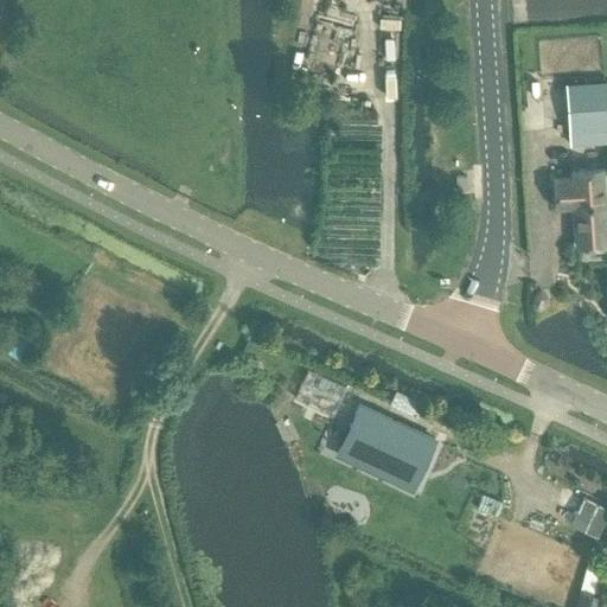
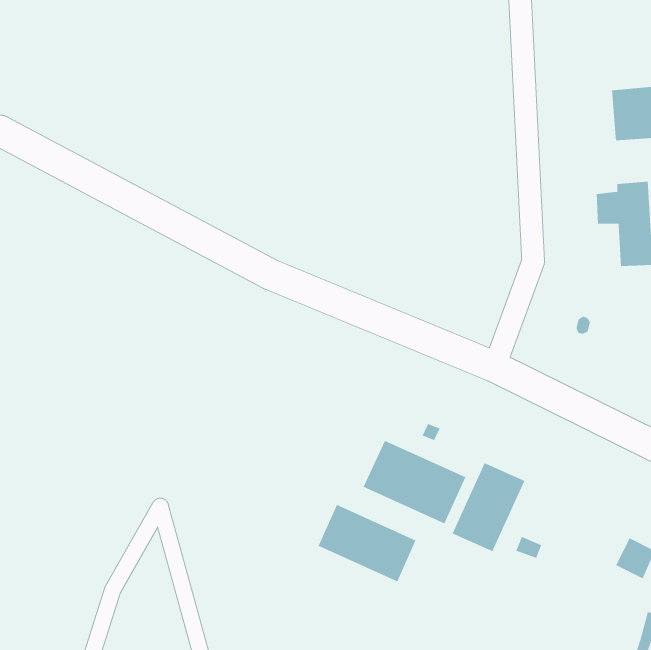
building: none -> [452,462,525,552]
building: none -> [318,504,417,582]

